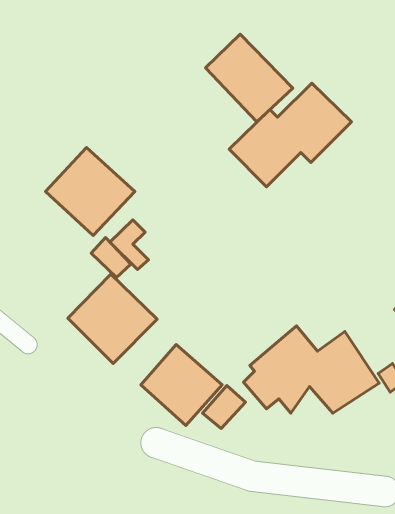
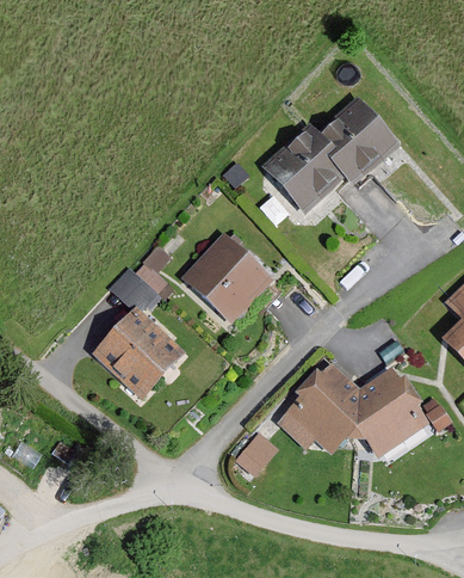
building: [205,34,293,122] -> none
building: [46,147,135,236] -> [179,230,276,326]
building: [141,345,222,425] -> none

